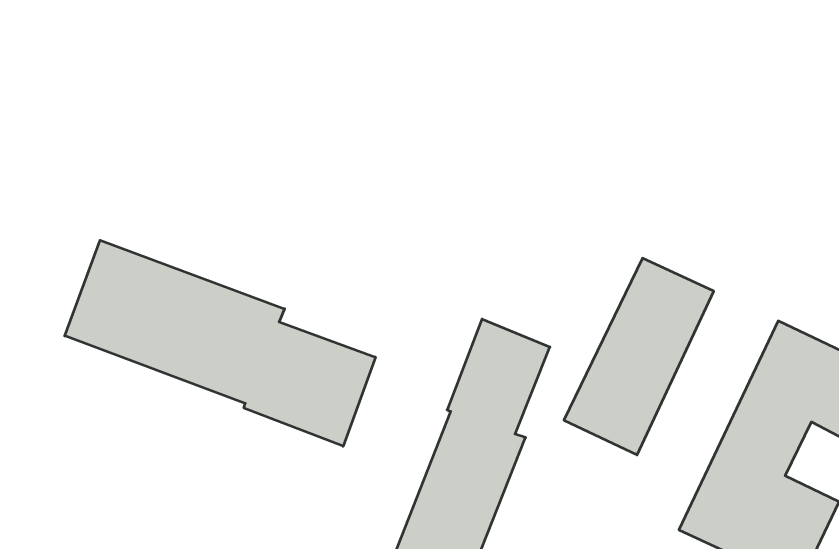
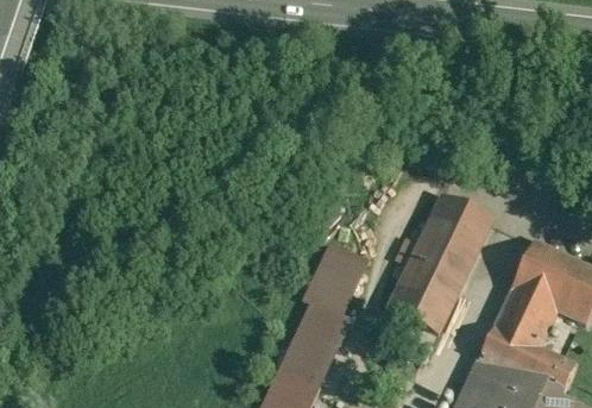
building: [65,240,375,446] -> none

